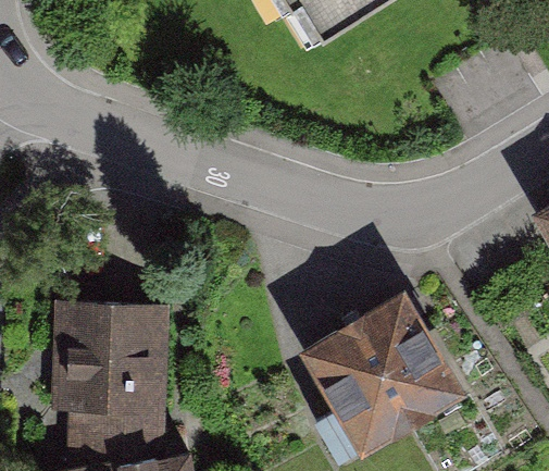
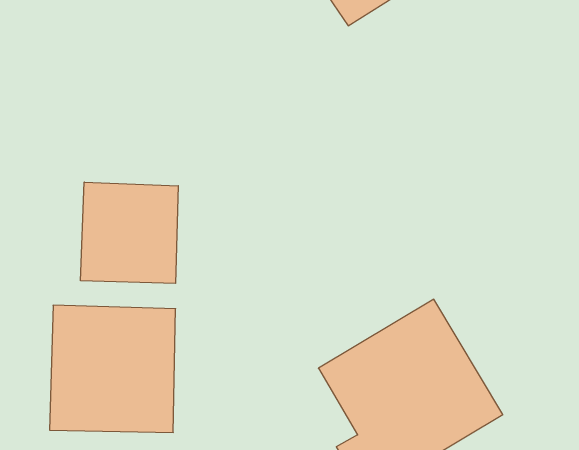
building: none -> [81,182,178,283]

